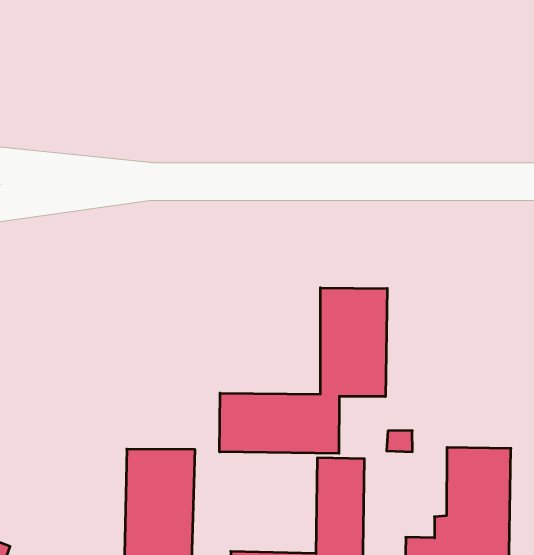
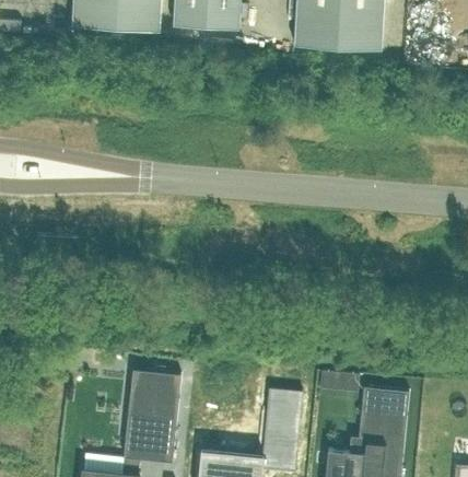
building: [220,288,387,453] -> none

